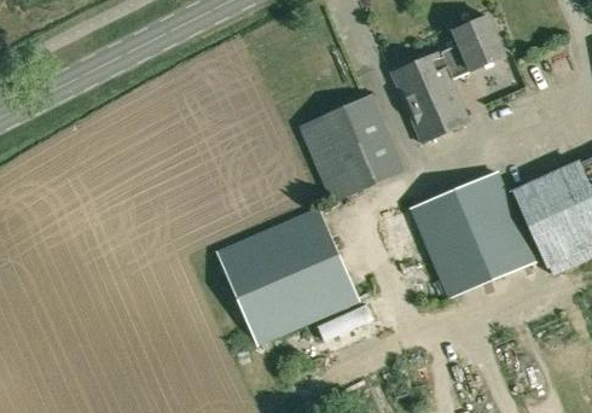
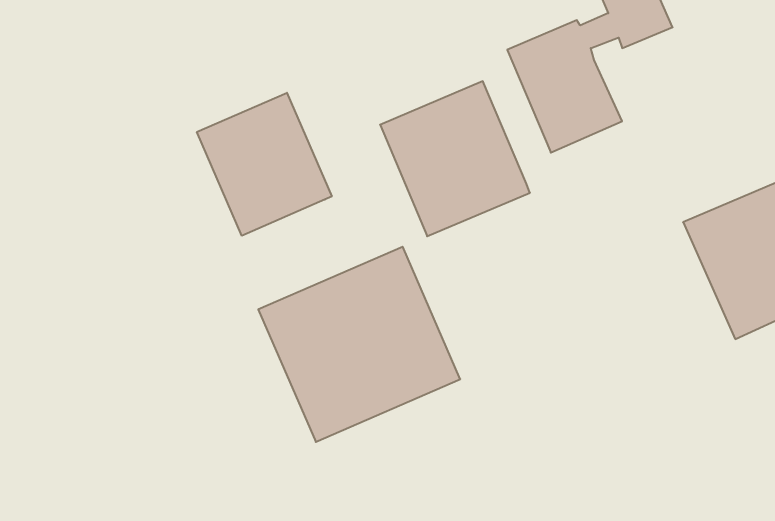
building: none -> [197,93,332,236]
building: [411,171,533,296] -> none

